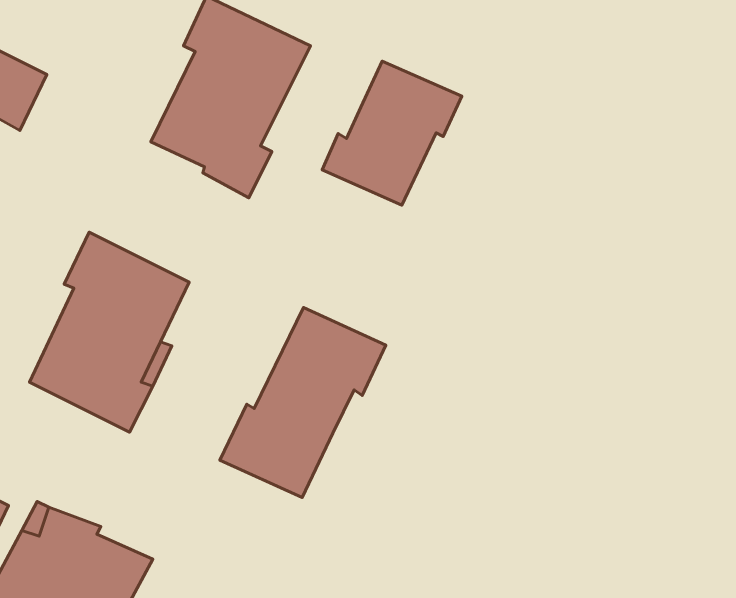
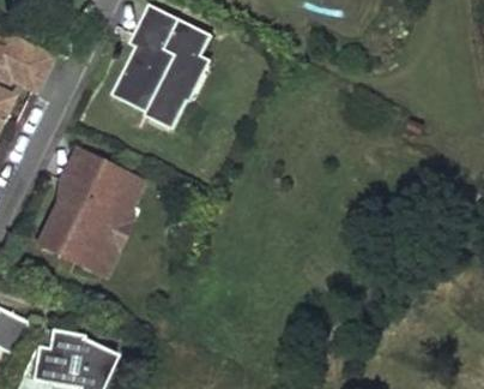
building: [322,61,462,205] -> none
building: [220,307,386,498] -> none

